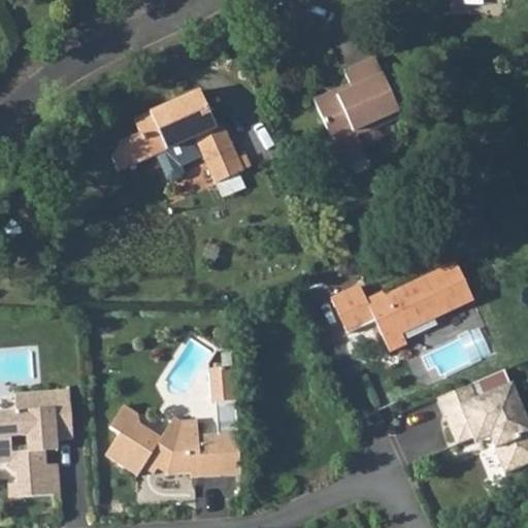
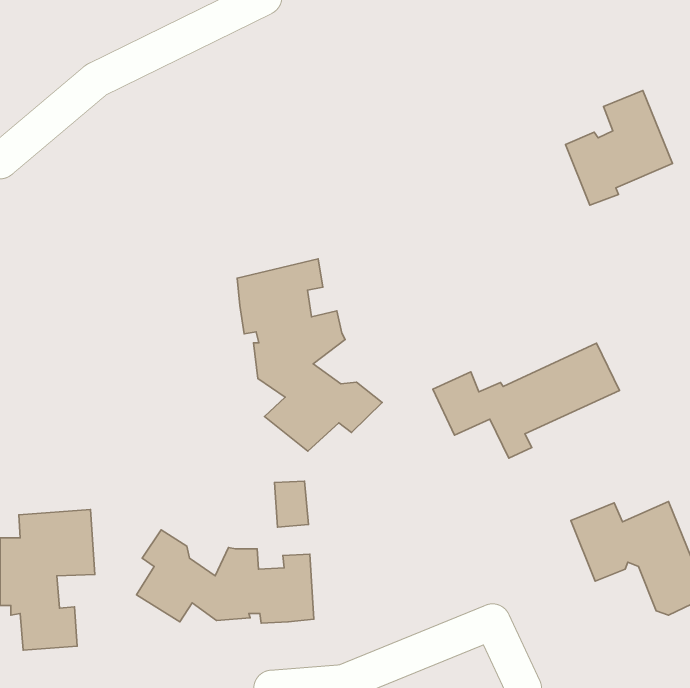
building: [312,56,394,143] -> [566,90,673,205]
building: [112,88,242,183] -> none
building: none -> [237,259,382,451]

